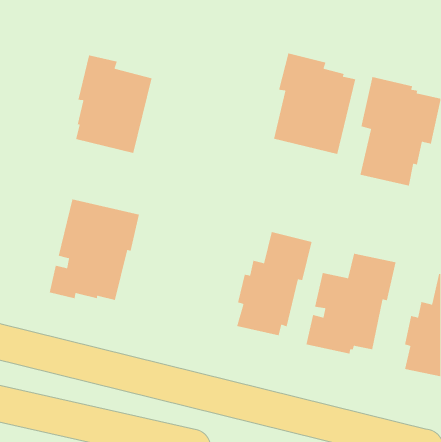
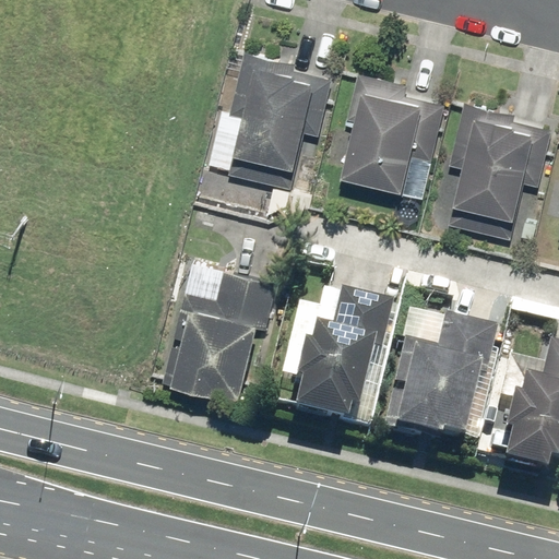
building: none -> [228,51,332,189]
building: [75,55,153,154] -> none
building: [49,198,140,301] -> [164,263,277,391]

